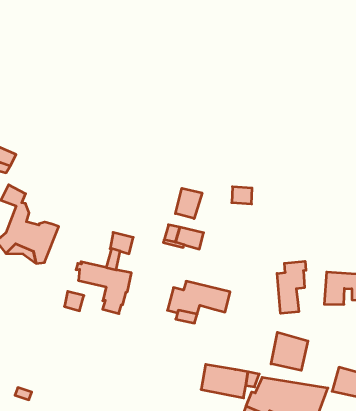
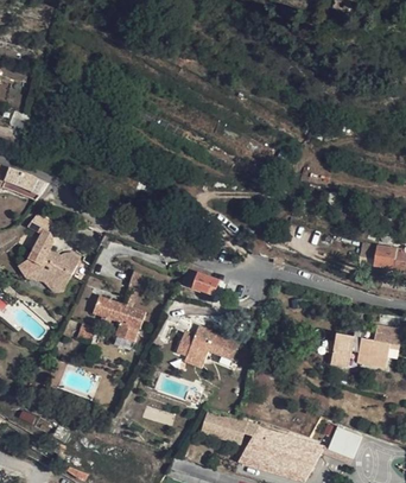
building: [175,188,202,219] -> none
building: [277,261,306,313] -> none
building: [271,332,308,370] -> none

